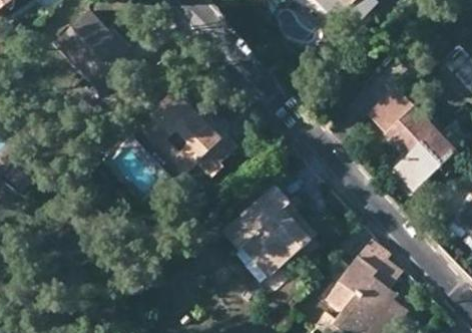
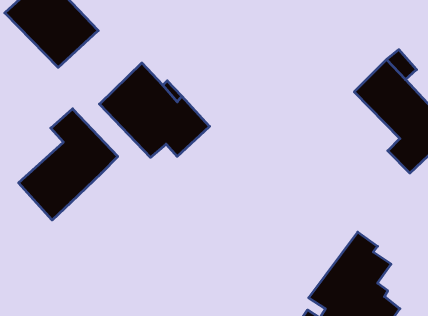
building: none -> [19,109,118,220]
building: [220,184,315,276] -> none

